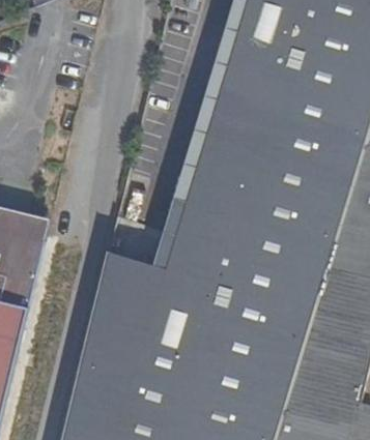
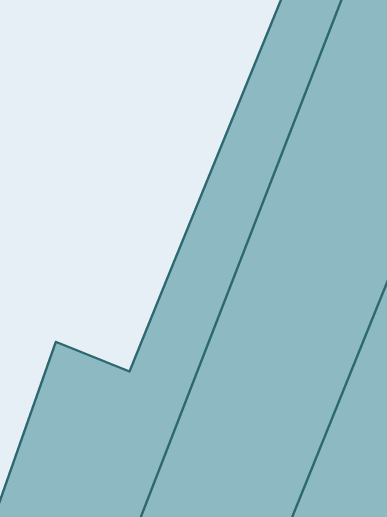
building: [97,221,175,309] -> none

